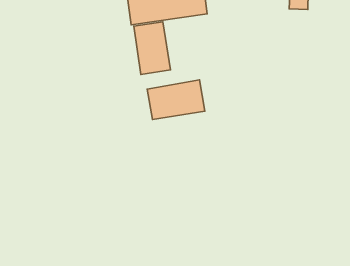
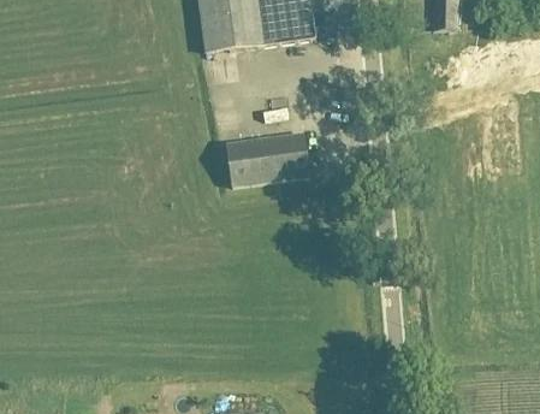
building: [134,22,171,75] -> none

